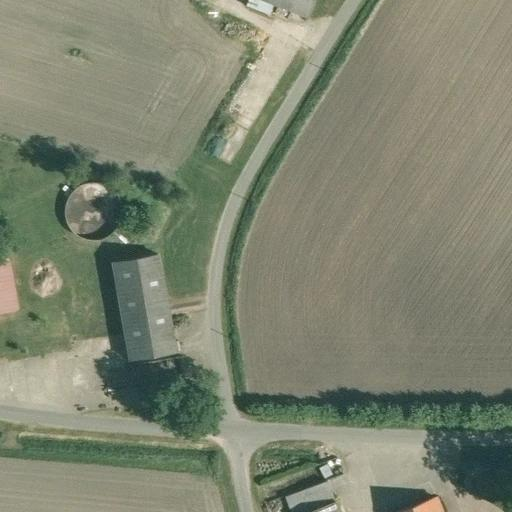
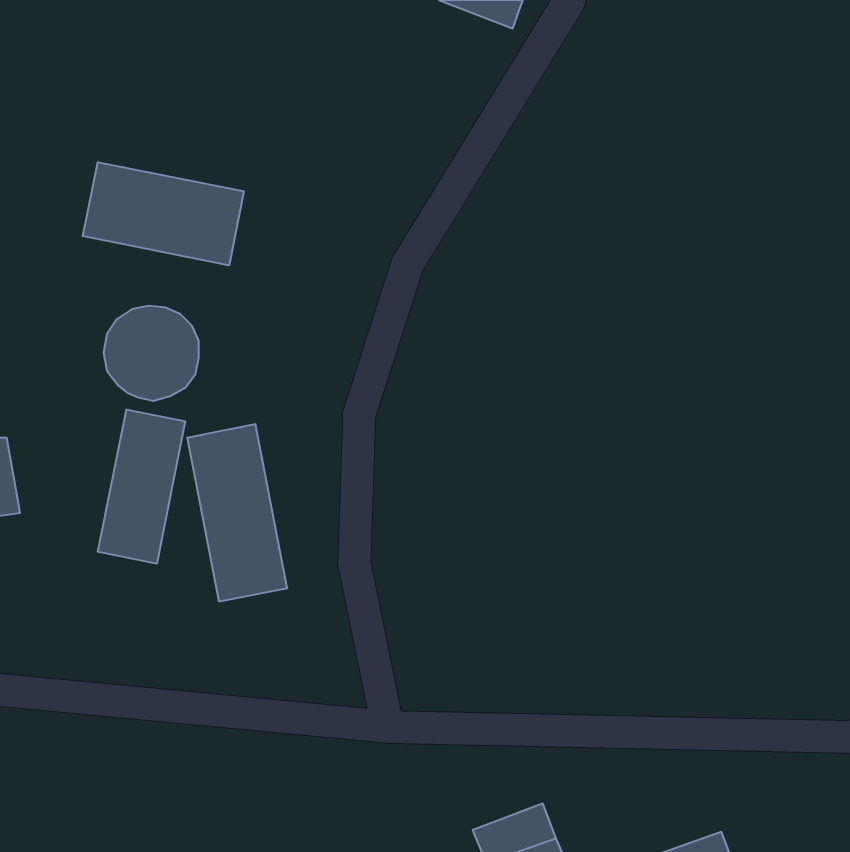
building: none -> [83,162,244,265]
building: none -> [98,409,185,564]

